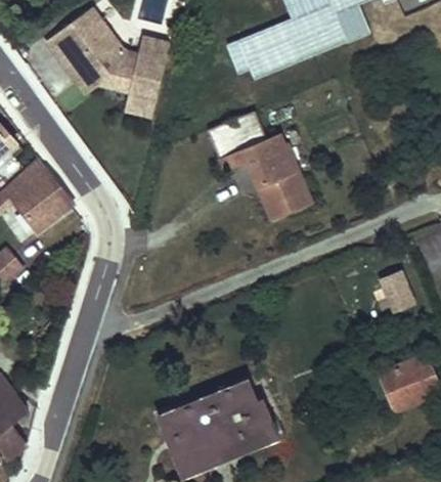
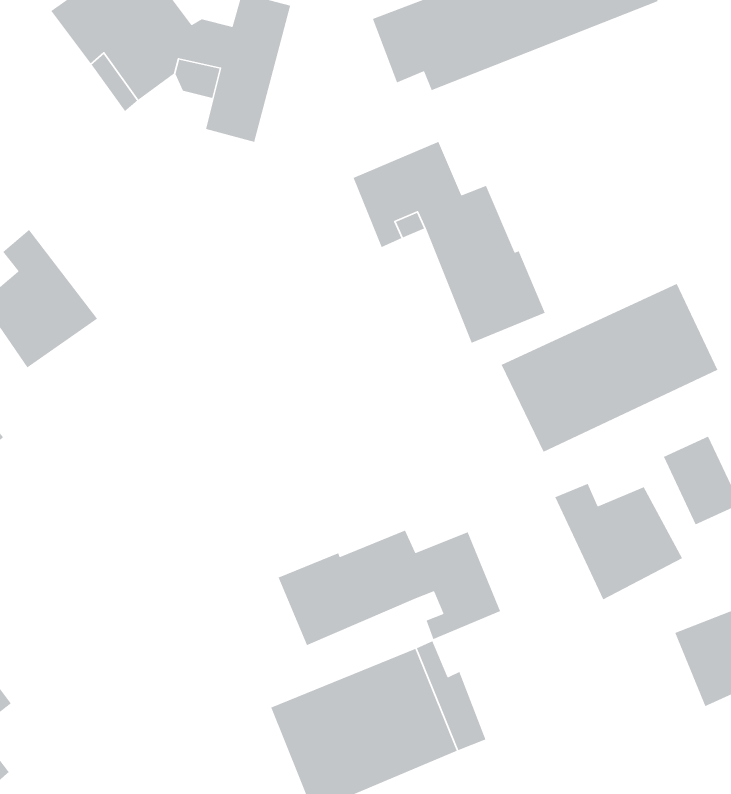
building: none -> [500,283,718,453]
building: none -> [554,483,683,600]
building: none -> [277,530,501,646]

